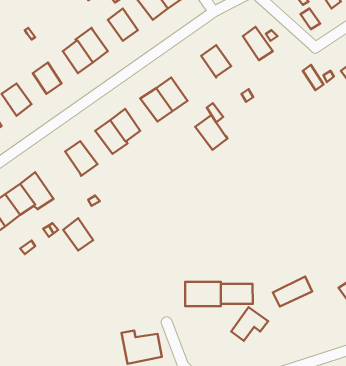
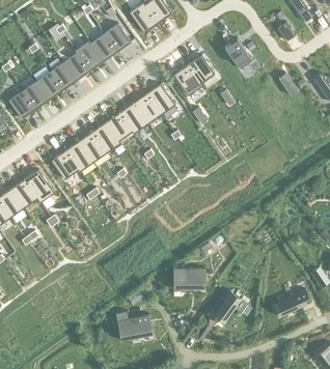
building: none -> [89,32,116,60]
building: none -> [49,60,76,89]
building: none -> [21,80,48,108]
building: none -> [118,103,147,134]
building: [195,115,227,150] -> [172,64,201,95]
building: none -> [78,132,107,162]
building: [63,218,93,251] -> [51,150,78,179]
building: [273,277,312,307] -> [275,288,310,315]
building: [221,284,253,304] -> none

